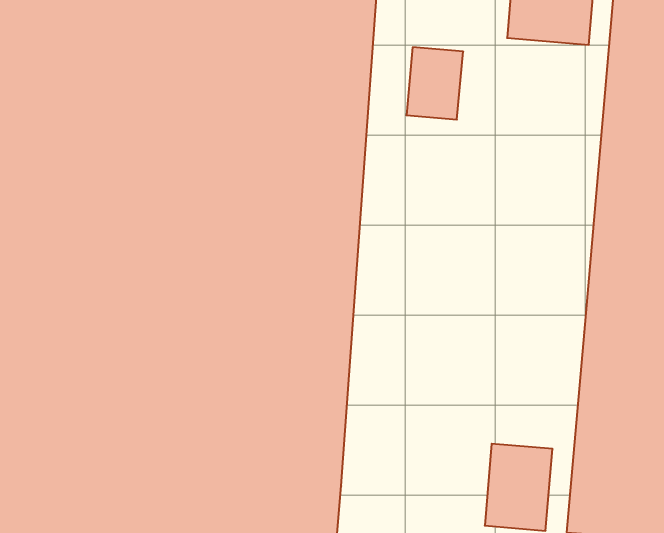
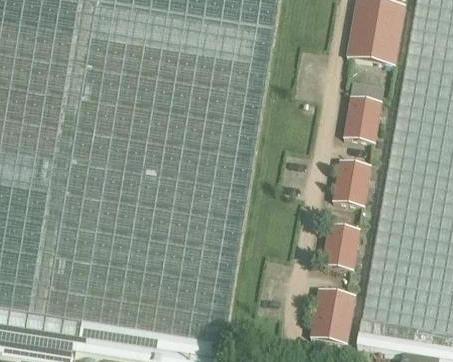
building: [406,47,463,120] -> [344,95,380,139]
building: none -> [334,159,369,203]
building: none -> [323,223,359,266]

